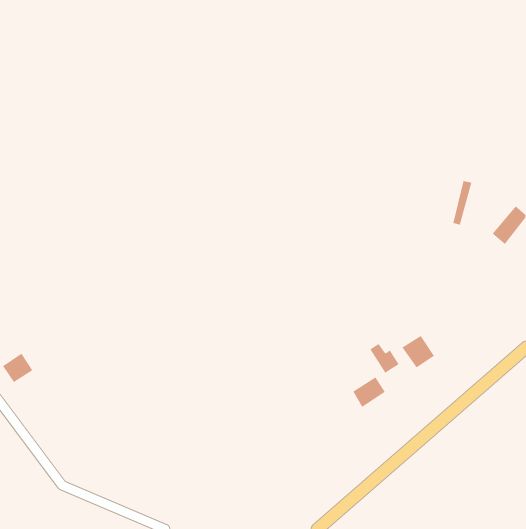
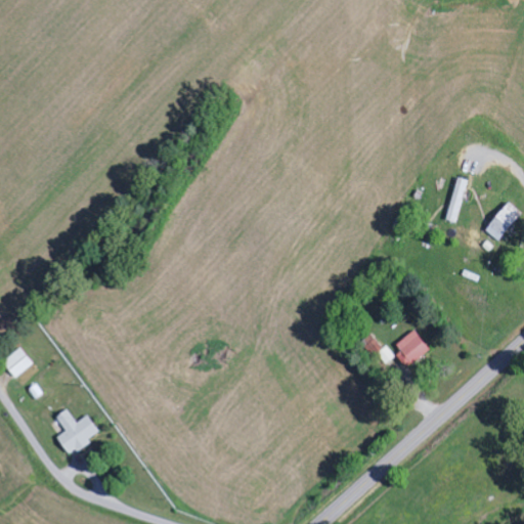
building: [353,377,386,408] -> none
building: none -> [55,409,100,455]

